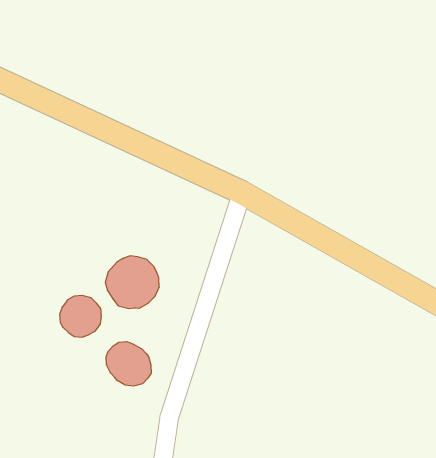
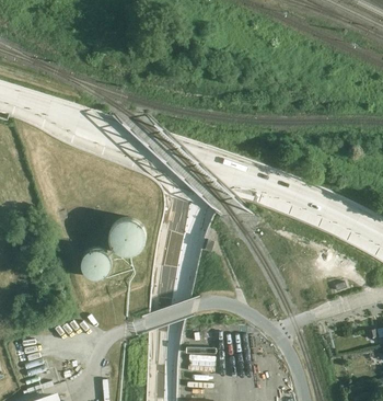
building: [106,342,151,386] -> none

